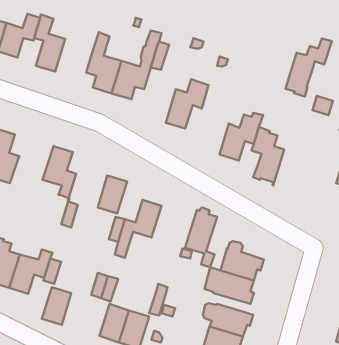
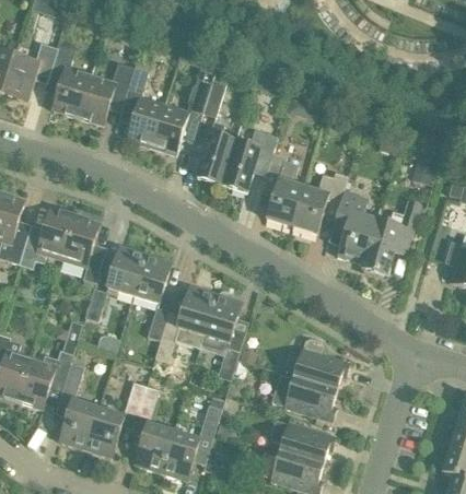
building: none -> [78,62,135,126]
building: [286,39,332,96] -> [362,201,422,277]
building: none -> [197,121,235,185]
building: none -> [261,151,304,226]
building: none -> [19,208,75,268]
building: none -> [107,246,145,295]
building: [185,207,217,267] -> [201,290,243,367]
building: none -> [86,407,125,456]

